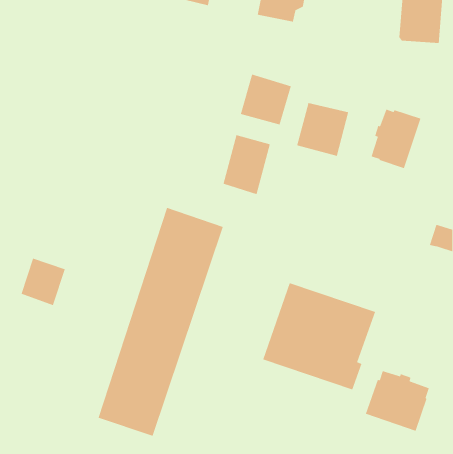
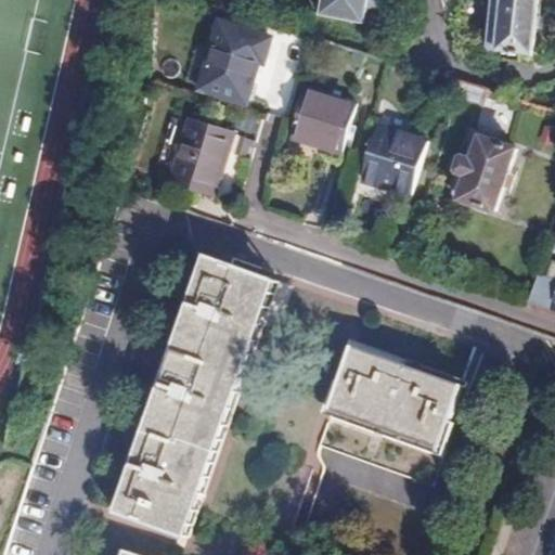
building: none -> [202,24,269,99]
building: [222,134,271,195] -> [169,121,228,195]
building: [21,258,66,306] -> none
building: [365,370,430,432] -> none

